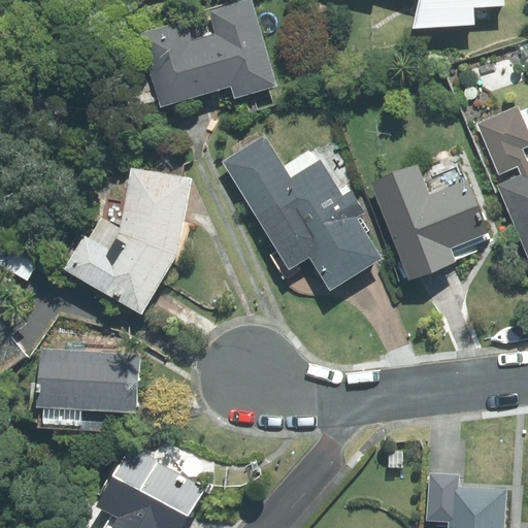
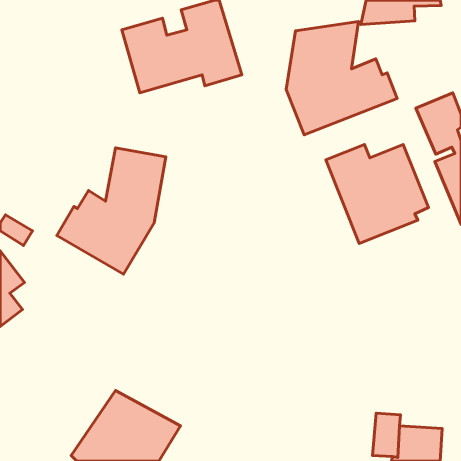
building: none -> [286,21,397,135]
building: [222,134,382,291] -> none
building: [37,349,140,431] -> none

